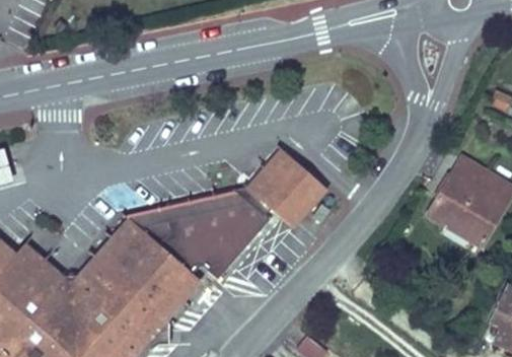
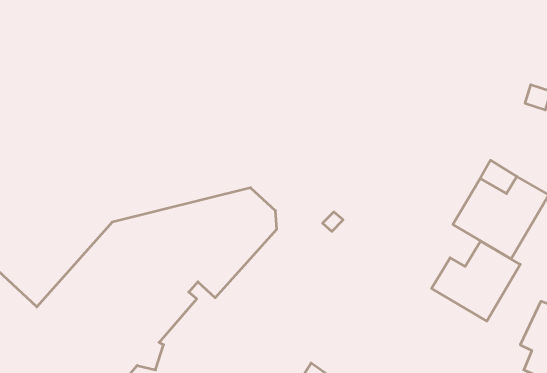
building: [248,148,323,222] -> none
building: none -> [432,241,520,321]

